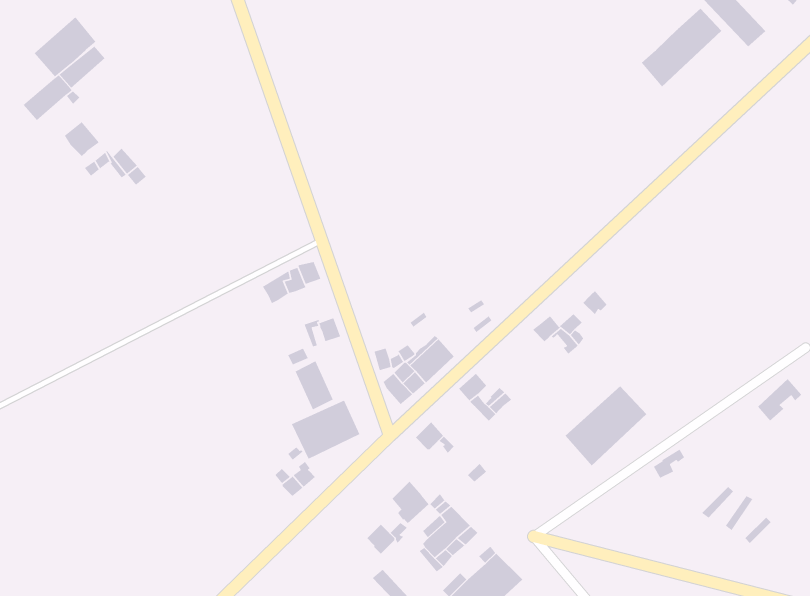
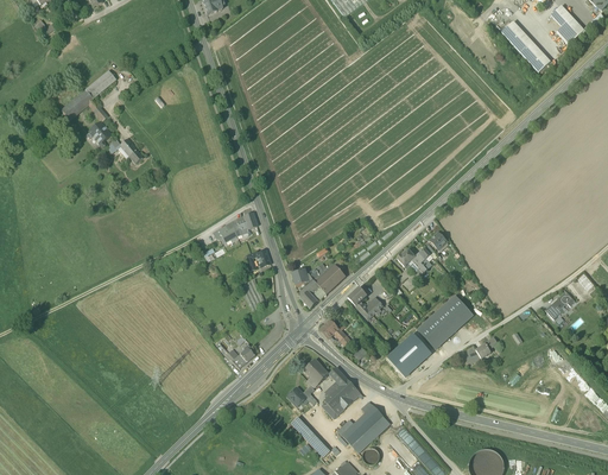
building: [641,8,722,88] -> none
building: [33,16,97,77] -> none
building: [291,399,361,460] -> none
building: none -> [387,332,431,375]

